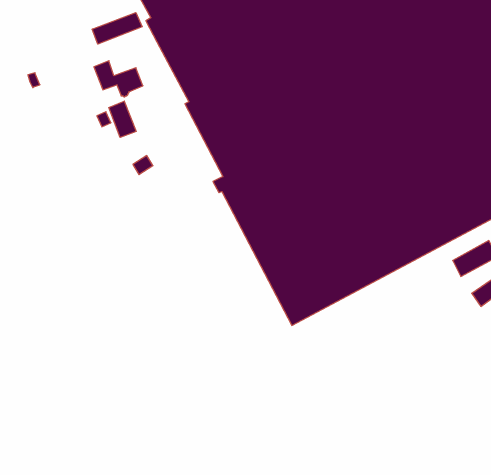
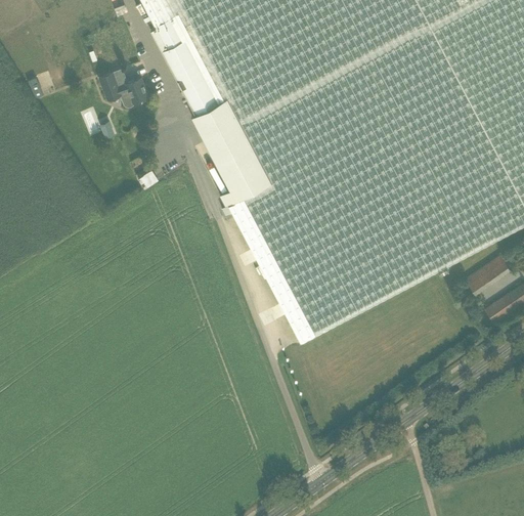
building: [92,13,142,44] -> none
building: [109,101,136,137] -> none

